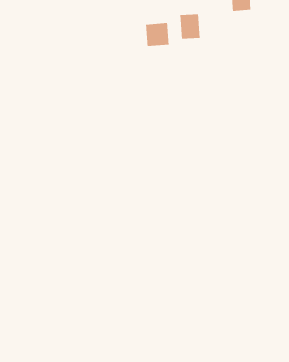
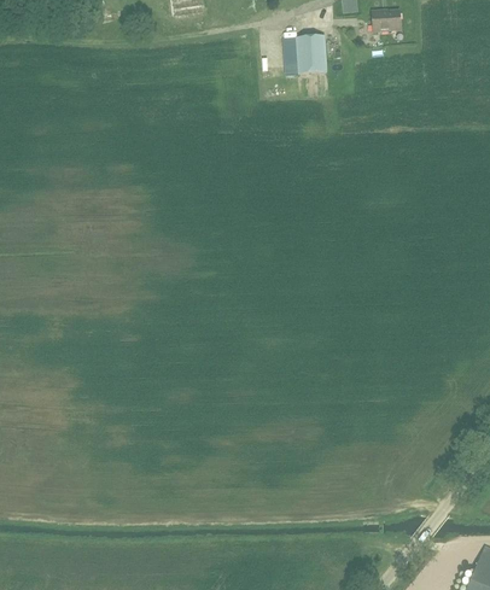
building: [145,22,169,47] -> none

